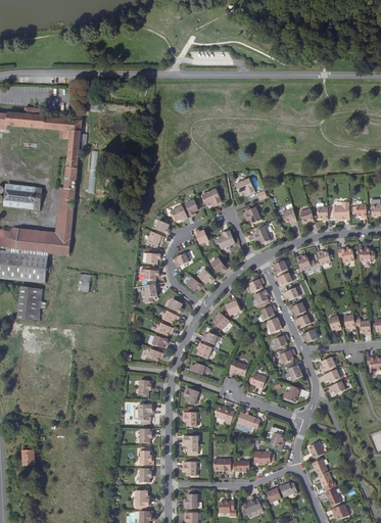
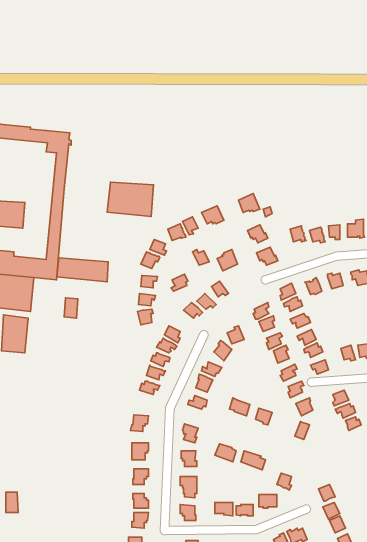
building: none -> [107,182,153,217]
building: none -> [57,258,108,282]

